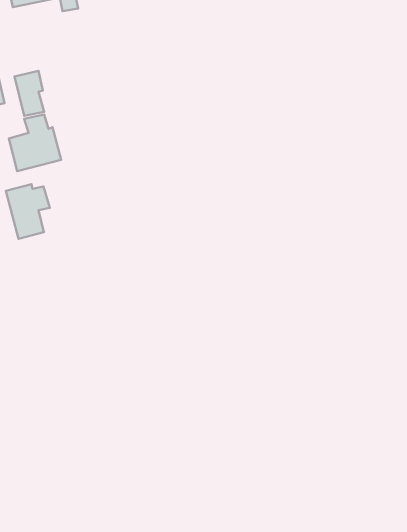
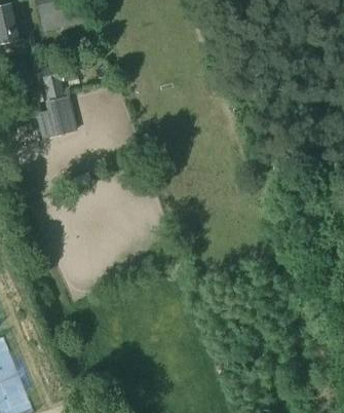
building: [6,184,50,239] -> none

